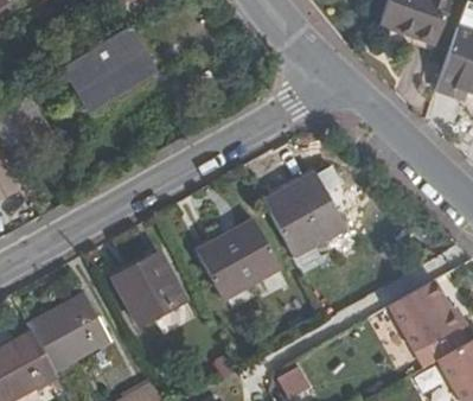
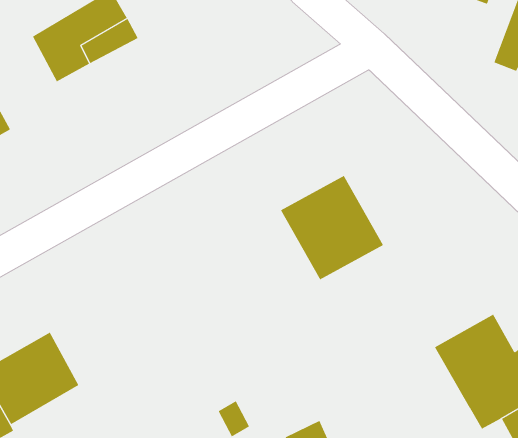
building: [197,221,280,300] -> none
building: [116,254,185,323] -> none

